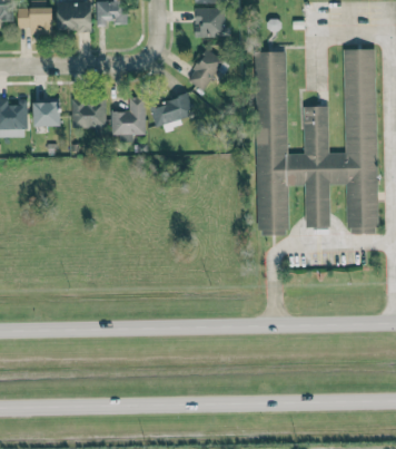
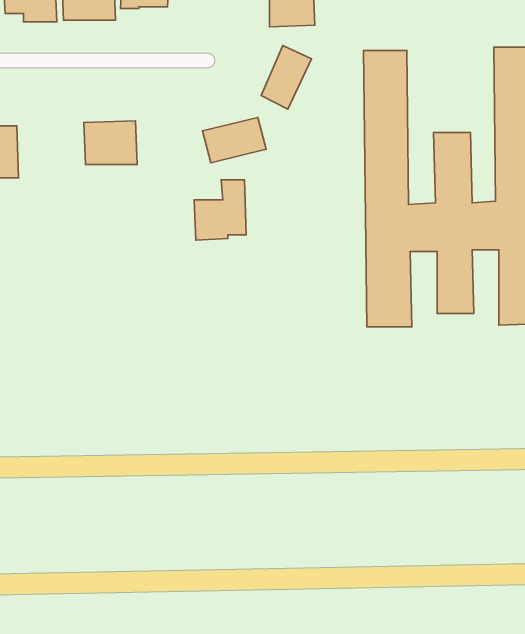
building: [110,97,145,137] -> [194,180,246,240]
building: [32,101,59,126] -> none

